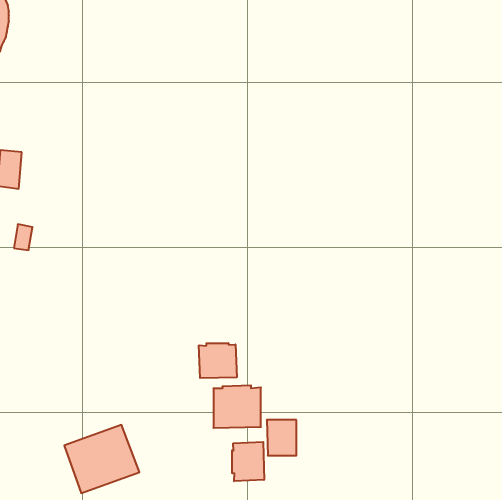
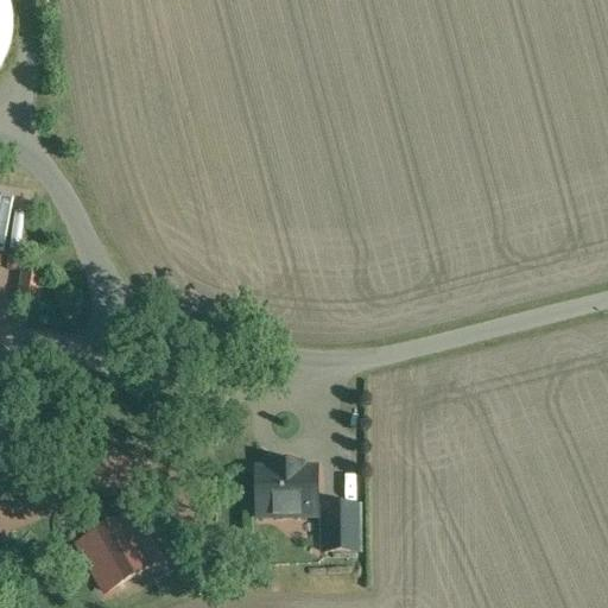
building: [199,343,237,378] -> none
building: [232,442,264,481] -> none

